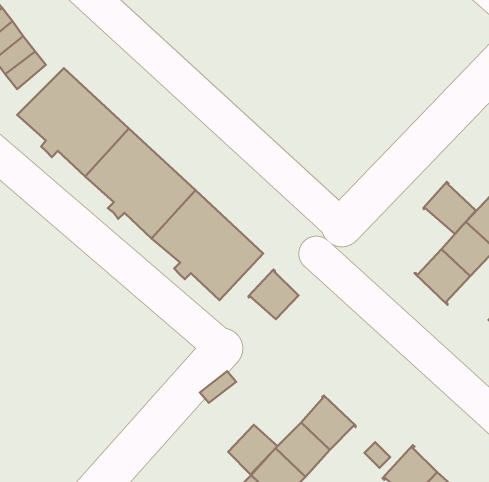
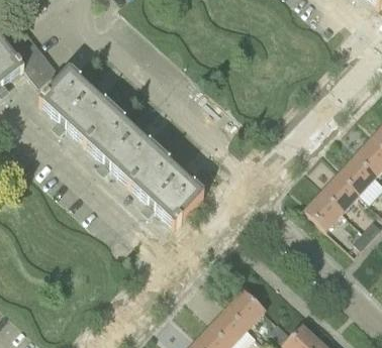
building: [423,182,476,234] -> none
building: [248,269,298,319] -> none
building: [228,425,277,474] -> none

